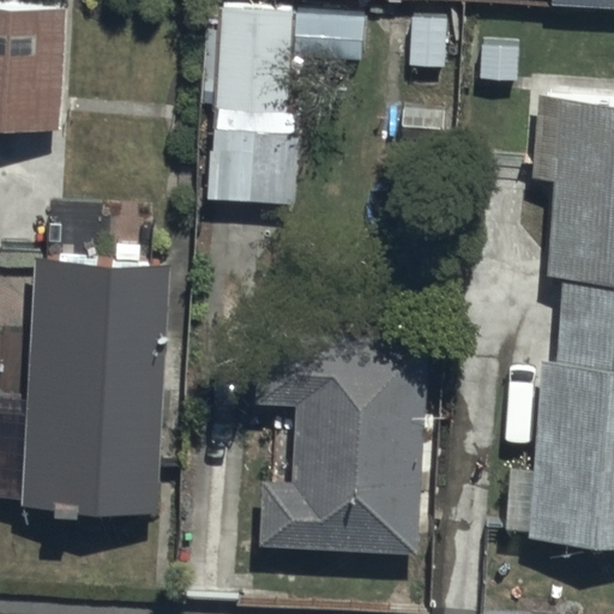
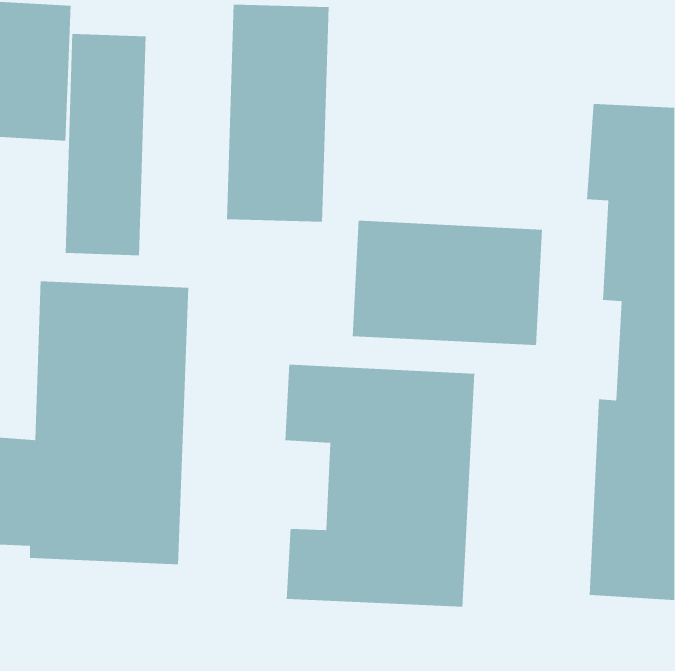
building: none -> [65,33,147,256]
building: none -> [352,220,543,346]

